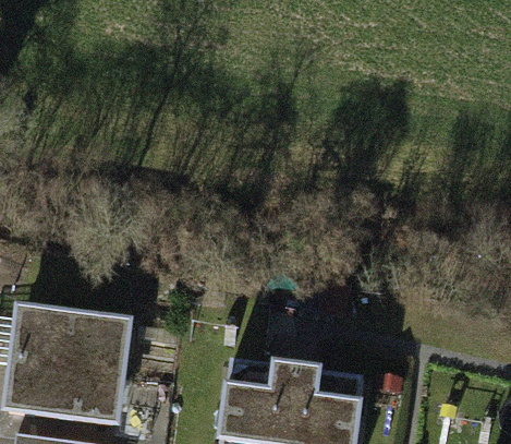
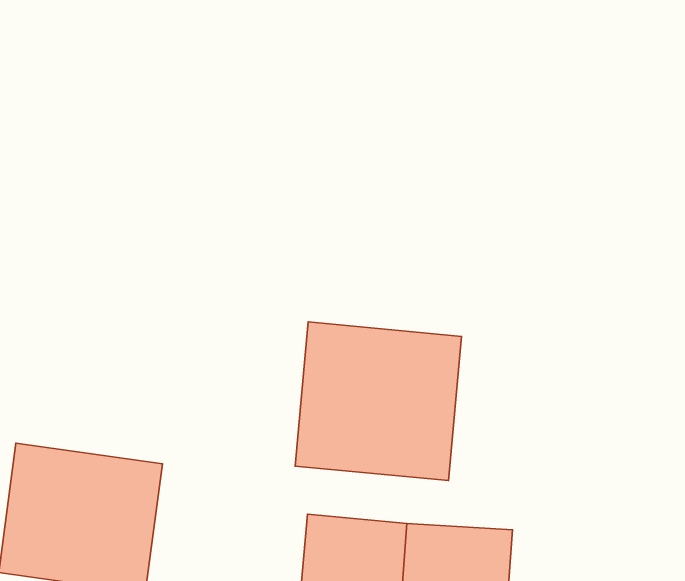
building: none -> [295,322,462,481]

